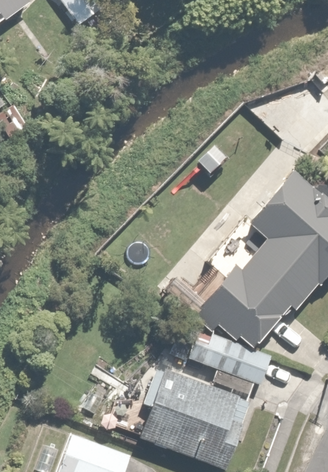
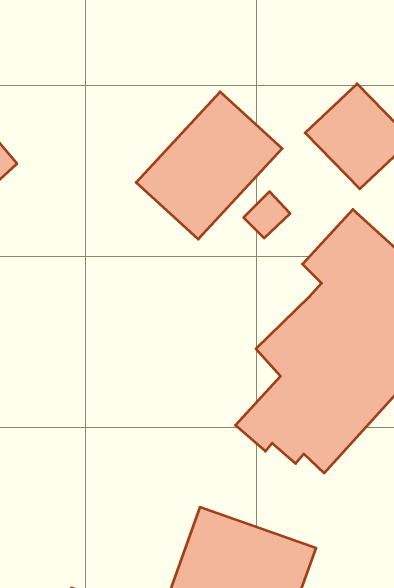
building: none -> [136,92,282,239]
building: [176,335,272,393] -> none

